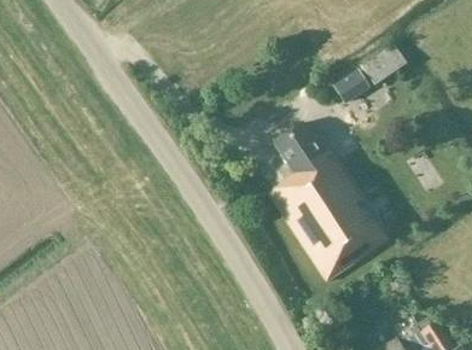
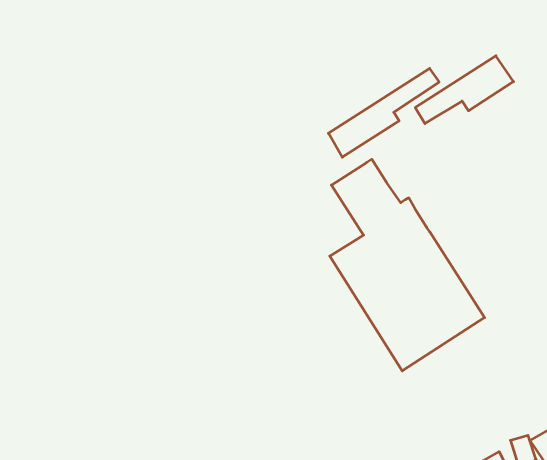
building: none -> [328,68,439,157]

